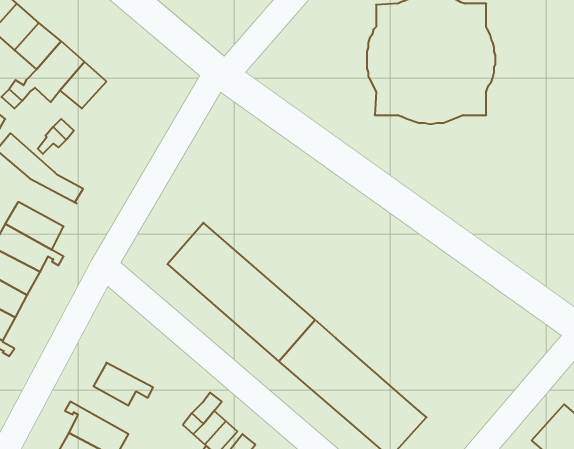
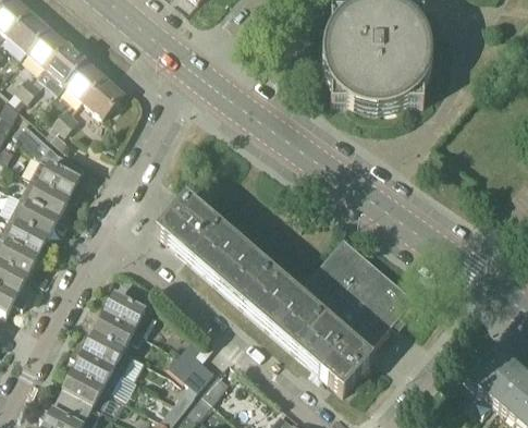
building: none -> [85,76,124,117]
building: none -> [32,158,85,201]
building: none -> [298,237,416,353]
building: none -> [106,293,156,333]
building: none -> [75,332,146,379]

